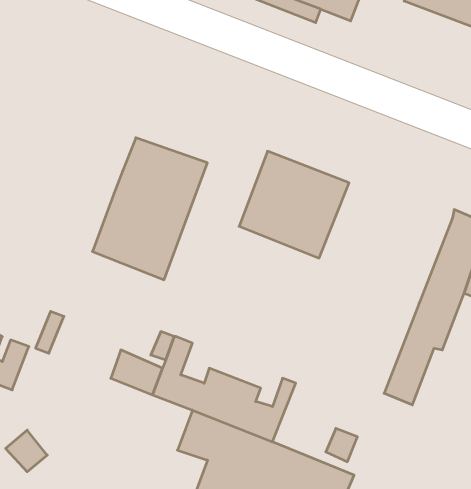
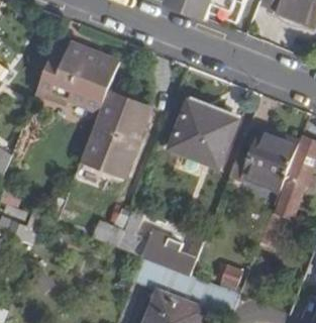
building: none -> [34,42,118,112]
building: none -> [227,127,298,192]

